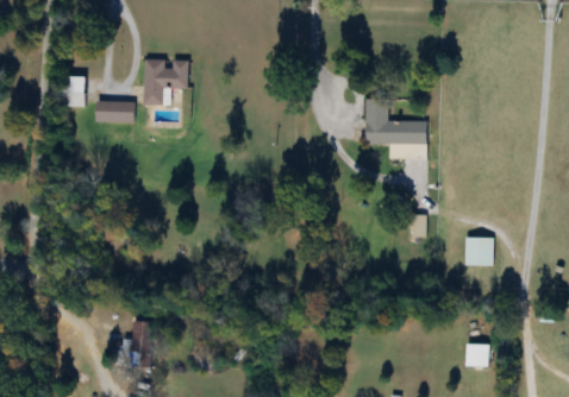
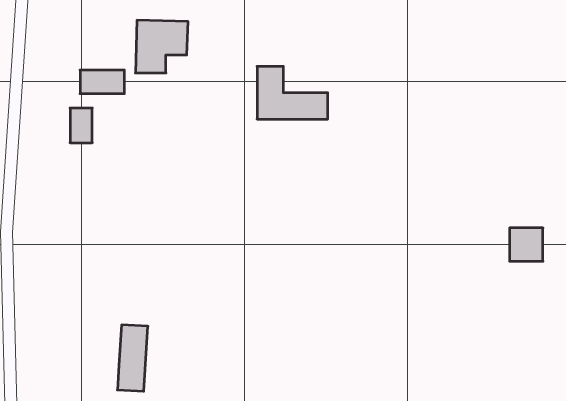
building: [65,76,85,106] -> [70,108,92,143]
building: [365,97,426,143] -> [257,66,328,119]
building: [465,342,489,365] -> none

